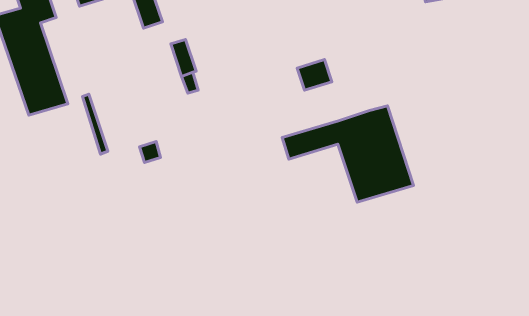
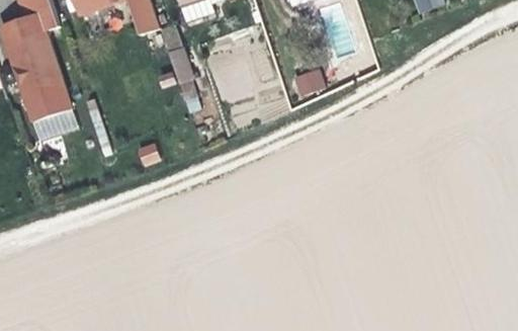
building: none -> [31,109,75,141]
building: [282,106,413,202] -> none

